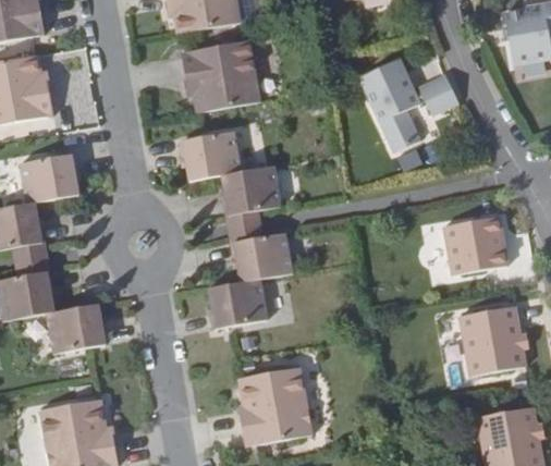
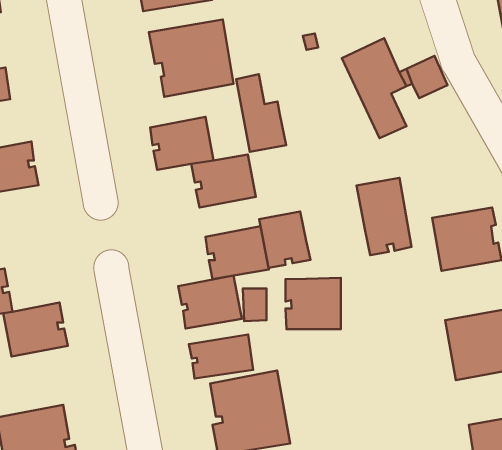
building: none -> [236,74,286,152]
building: none -> [356,178,412,255]
building: none -> [259,212,311,268]
building: none -> [286,278,341,329]
building: none -> [189,334,253,379]

